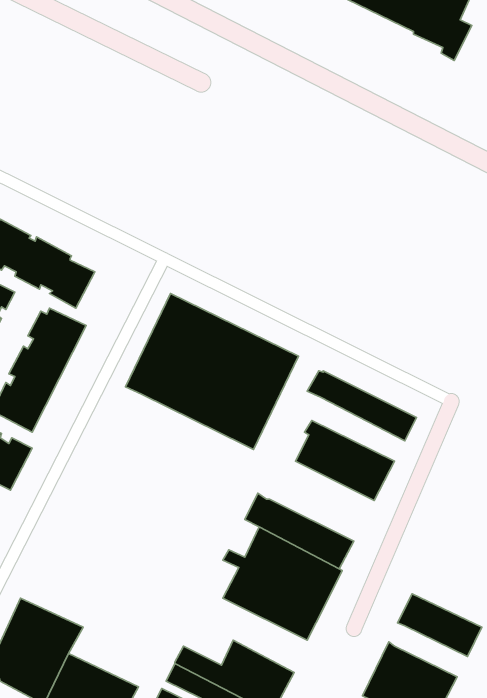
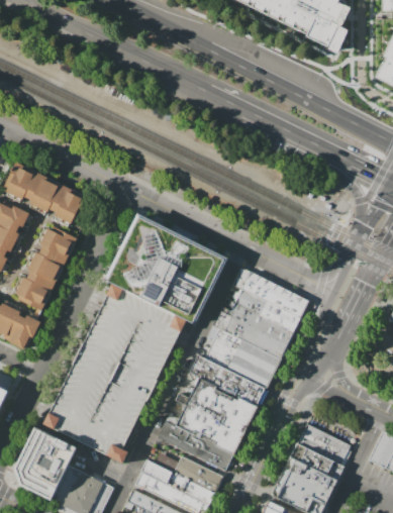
building: none -> [46,285,189,465]
building: none -> [233,287,300,331]
building: none -> [204,328,279,387]
building: none -> [157,421,233,473]
building: none -> [289,443,343,481]

